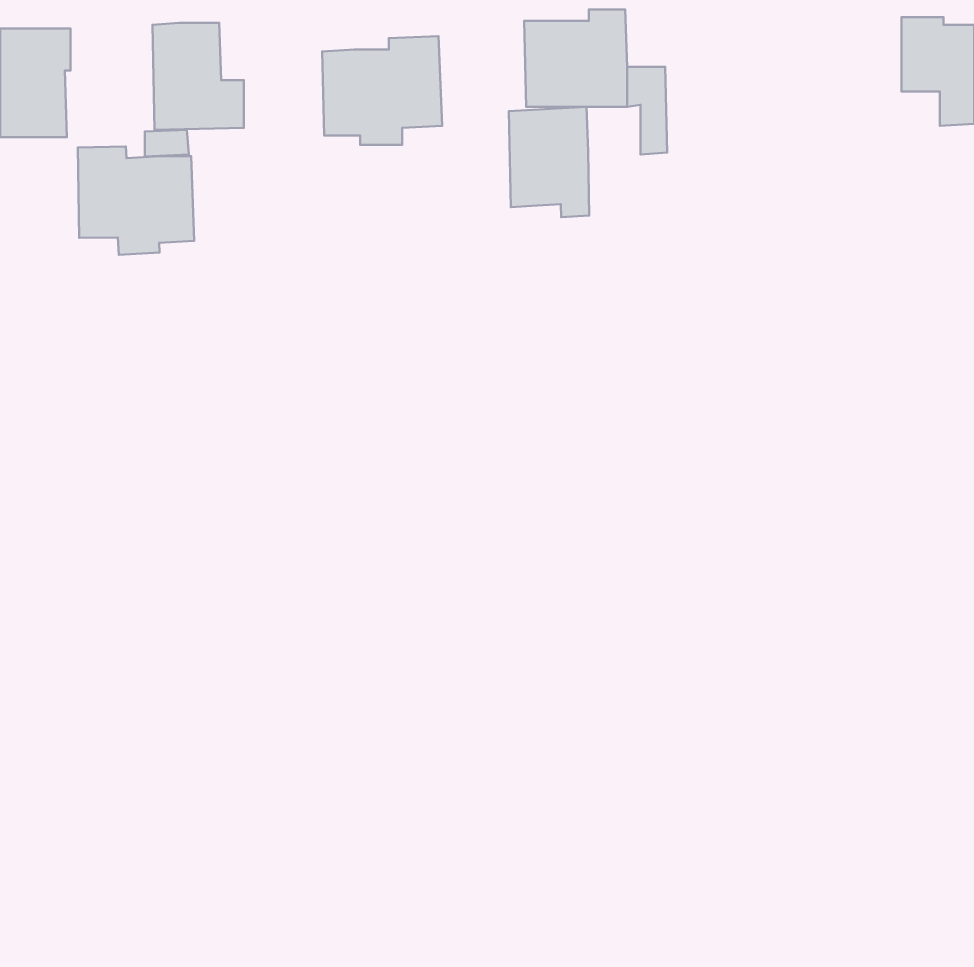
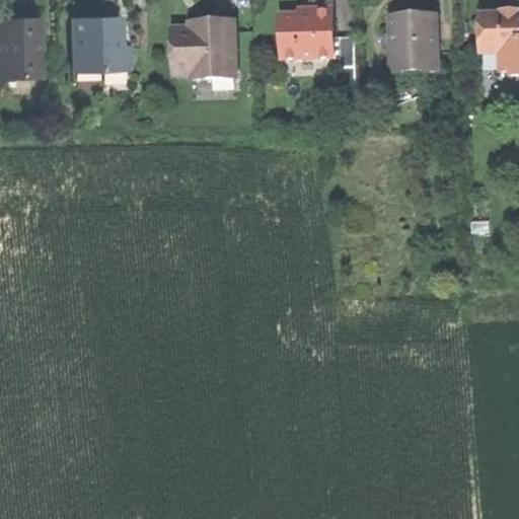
building: none -> [390,12,438,70]
building: [509,107,589,217] -> none
building: [78,147,194,255] -> none

